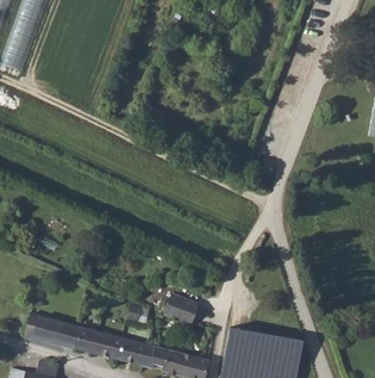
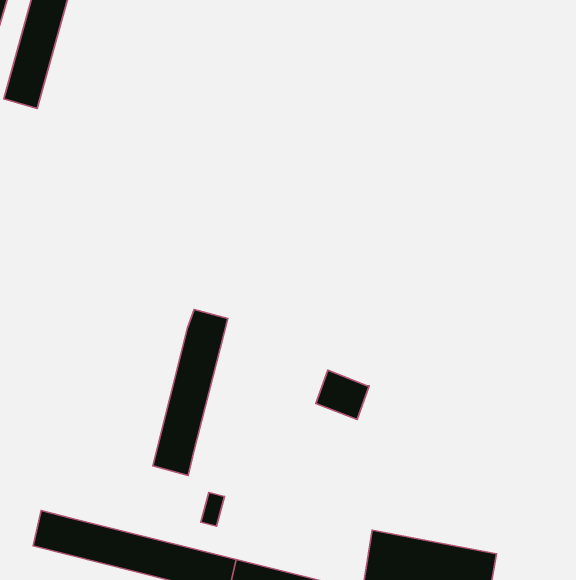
building: none -> [153,310,228,476]
building: [164,293,196,323] -> [316,370,369,419]

